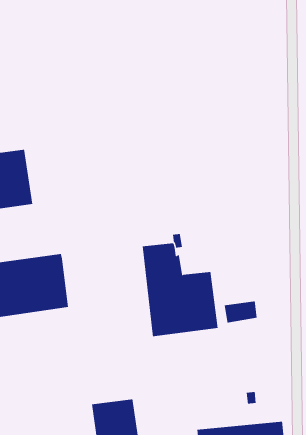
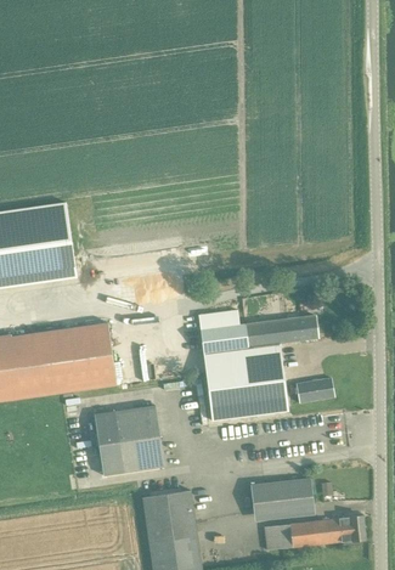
building: none -> [243,316,317,348]
building: none -> [92,406,163,475]
building: none -> [249,479,312,512]

